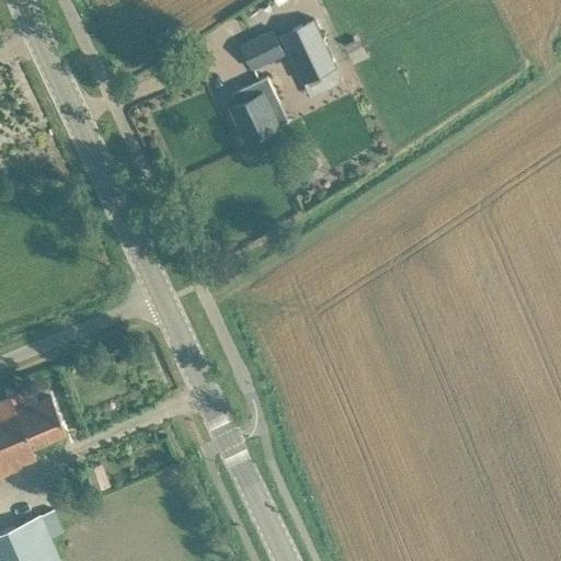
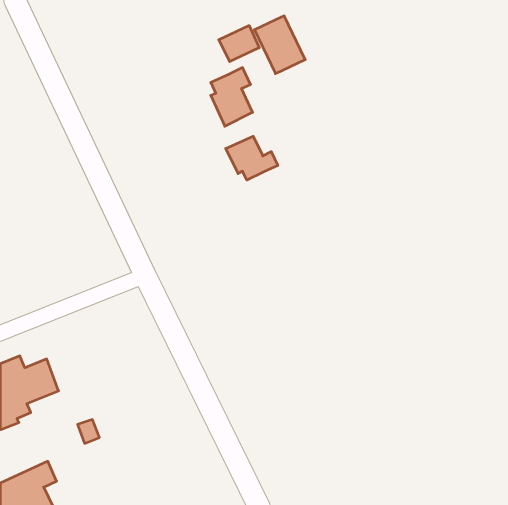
building: none -> [226,136,278,180]

